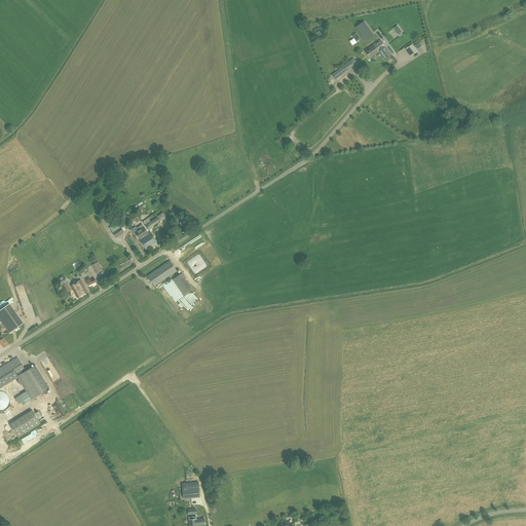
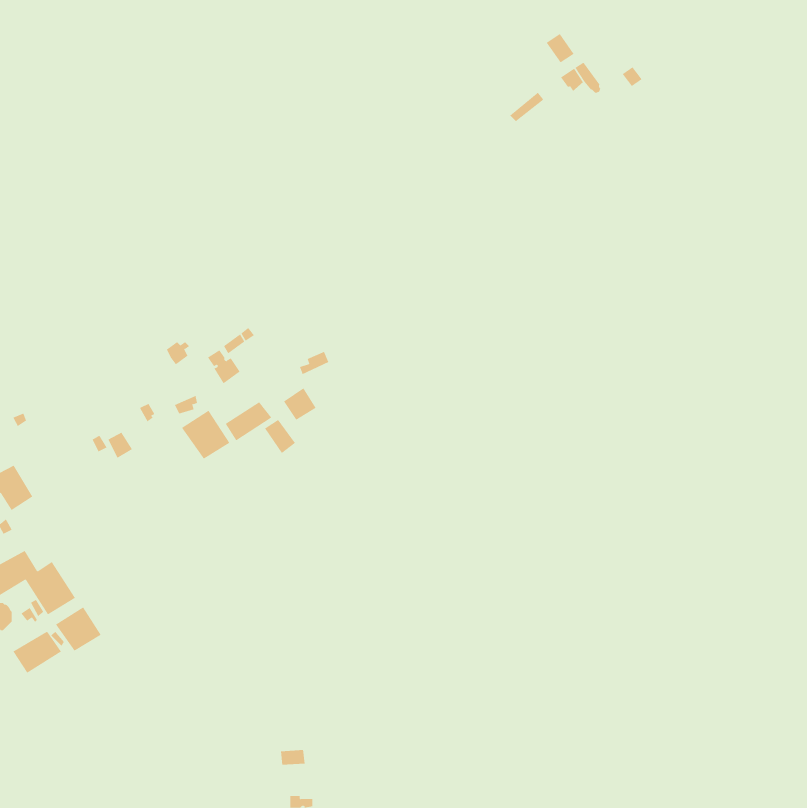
building: none -> [181,410,230,459]
building: none -> [55,606,102,651]

